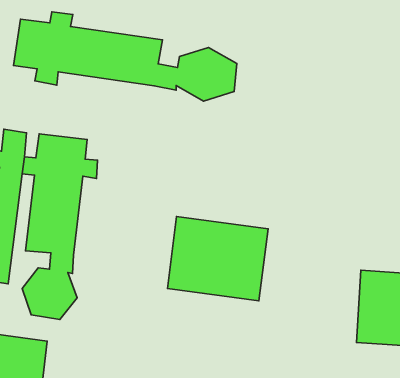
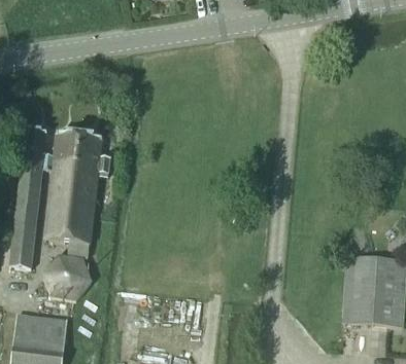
building: [13,12,237,101] -> none
building: [167,217,268,301] -> none

